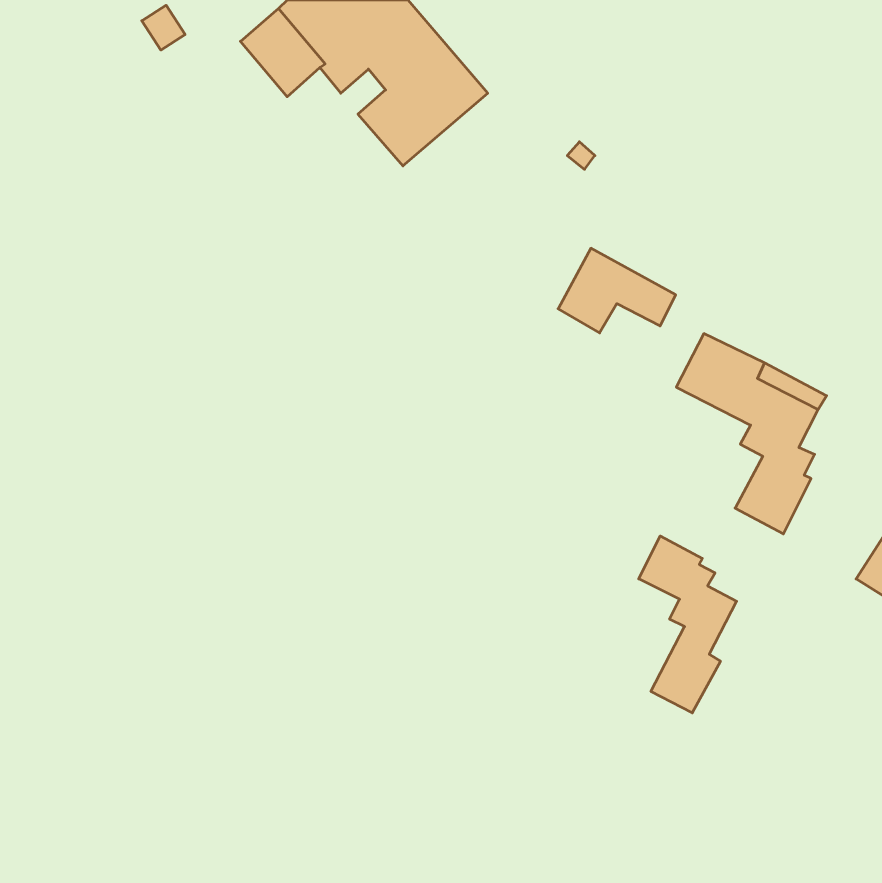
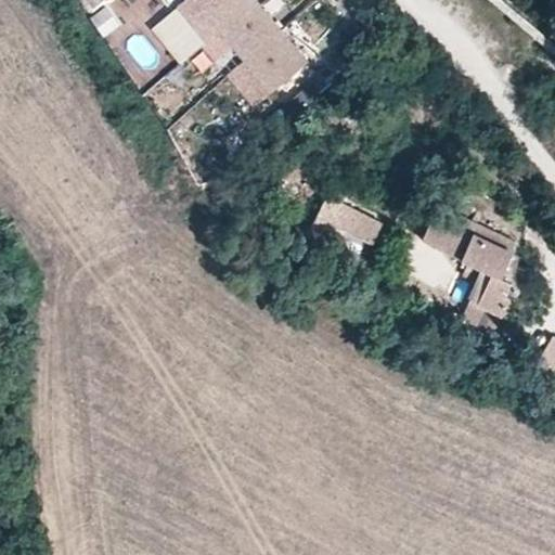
building: [558,248,676,333] -> [312,197,386,250]
building: [639,536,737,713] -> none

